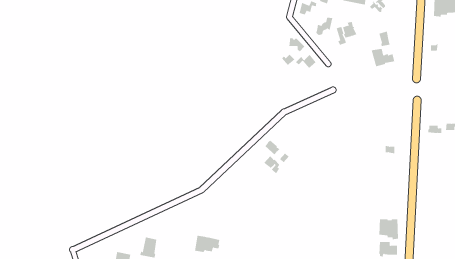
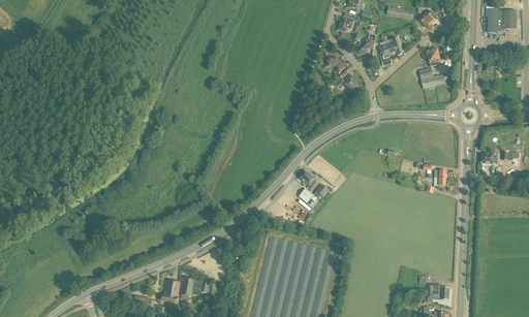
building: [379,218,398,240] -> none
building: [194,235,220,253] -> [180,276,209,295]

